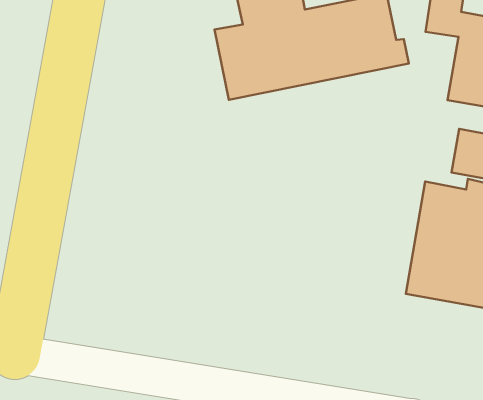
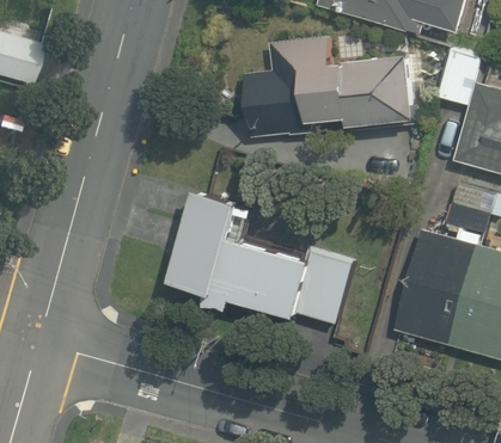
building: none -> [169,189,355,321]

